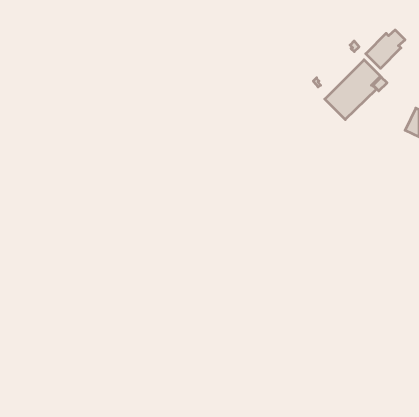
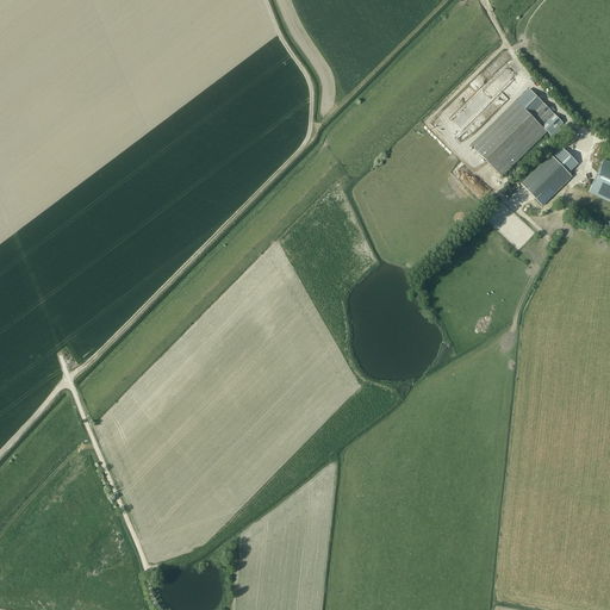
building: [366,30,405,68] -> [521,148,578,204]

